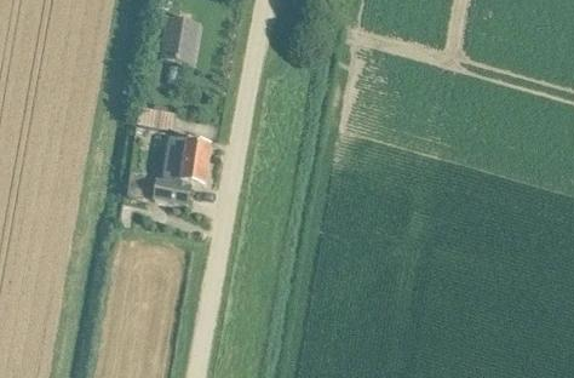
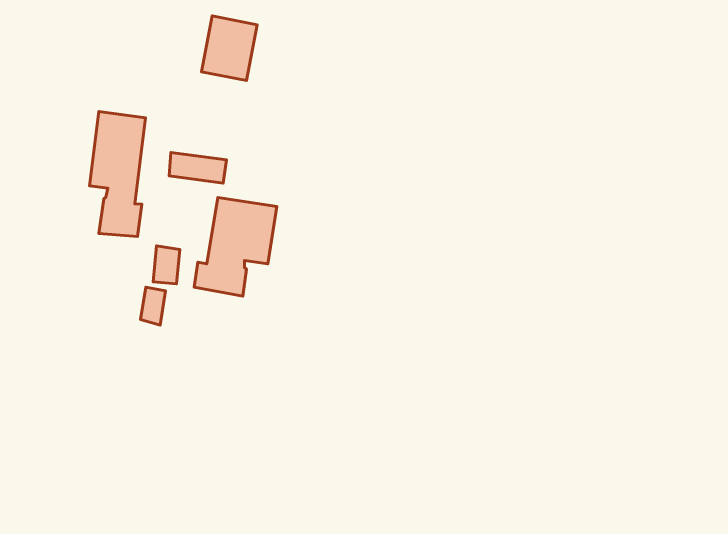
building: none -> [89,111,145,237]

